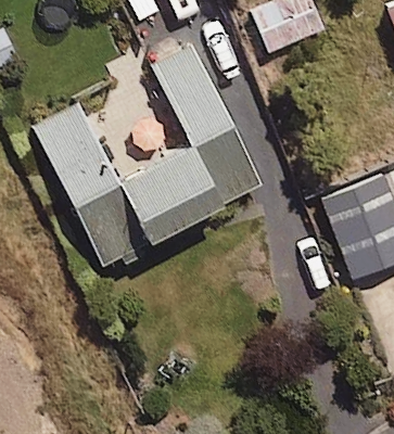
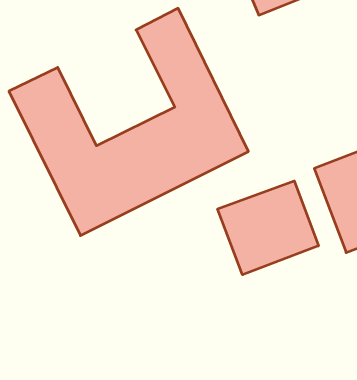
building: none -> [218,181,318,275]

